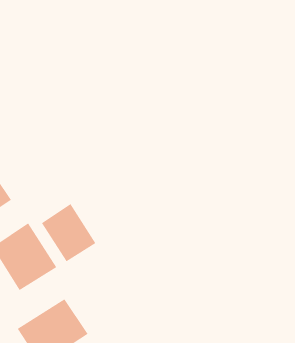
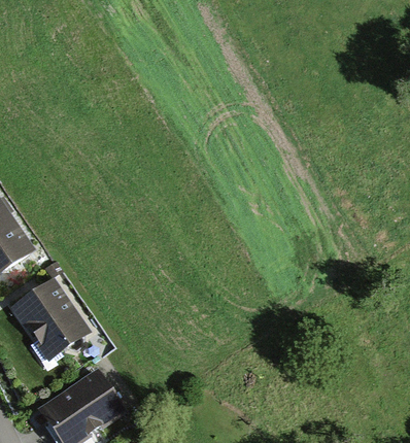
building: [41,203,96,262] -> none

